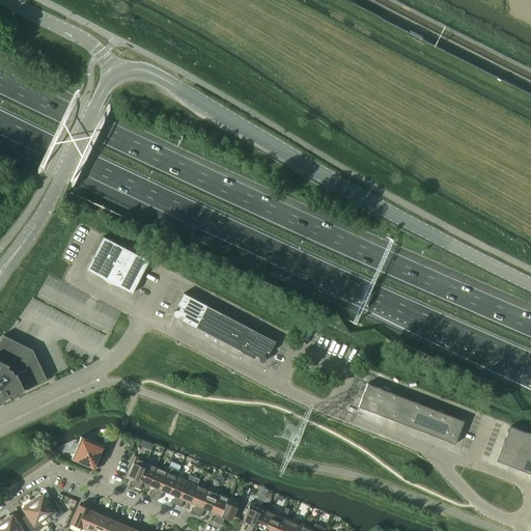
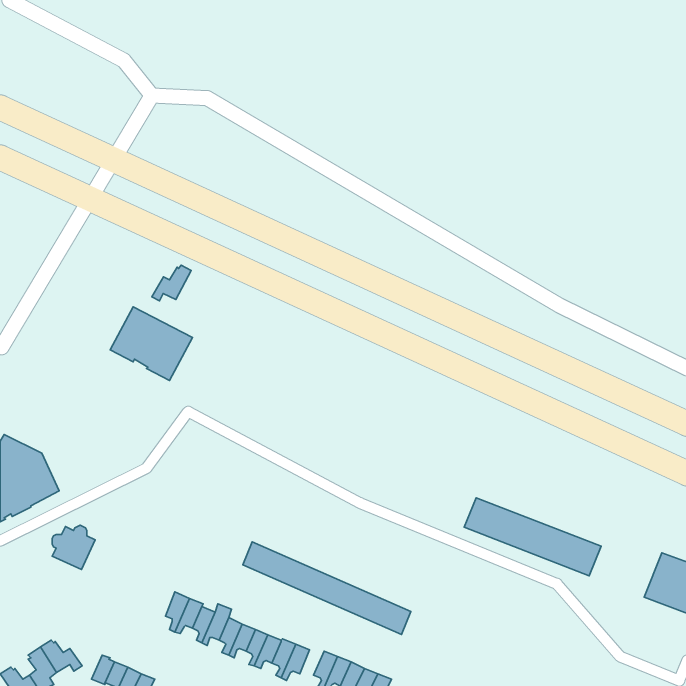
building: none -> [152,265,191,301]
building: [174,295,276,363] -> none
building: none -> [243,542,411,635]
building: [72,437,105,471] -> [52,525,95,570]

